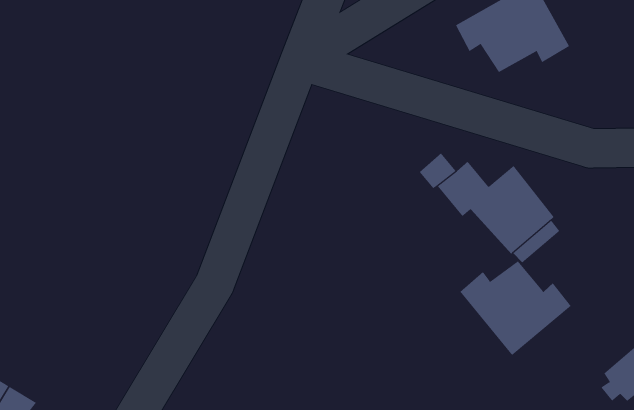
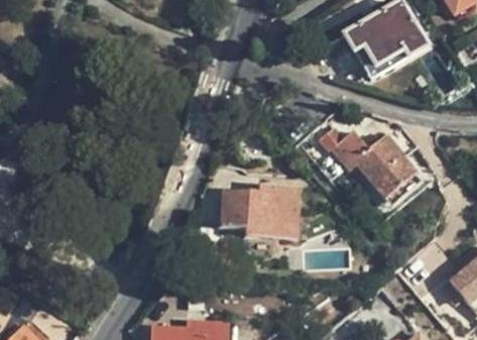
building: none -> [221,186,299,239]
building: [460,261,571,356] -> none

